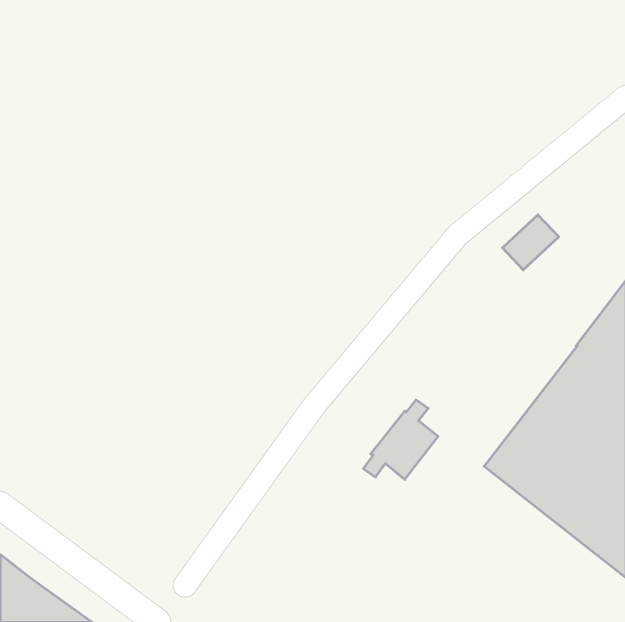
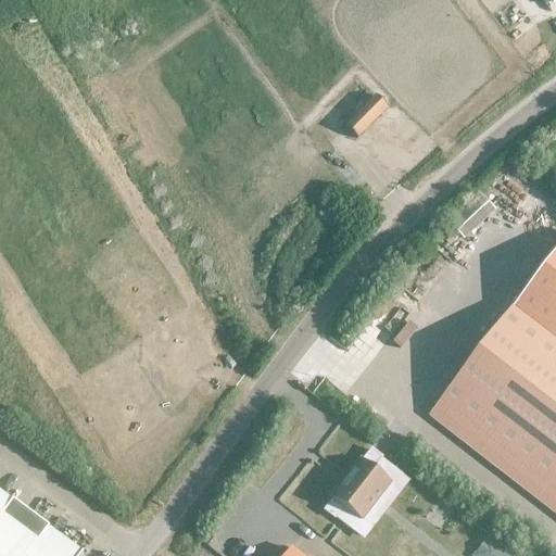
building: none -> [345,93,389,137]
building: [363,400,438,480] -> [325,447,391,518]

